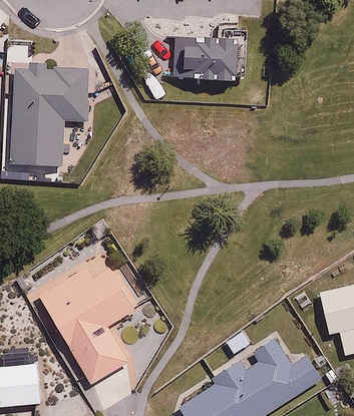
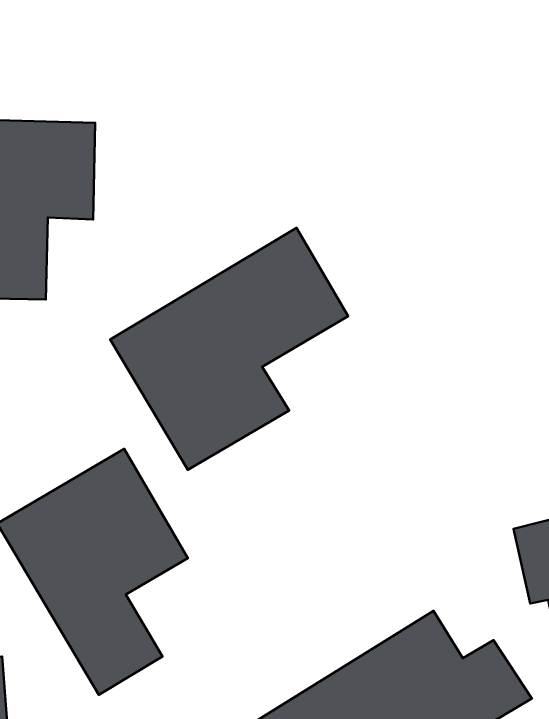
building: [171,37,246,79] -> none
building: none -> [110,228,348,470]

